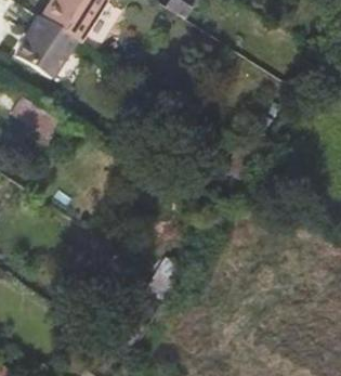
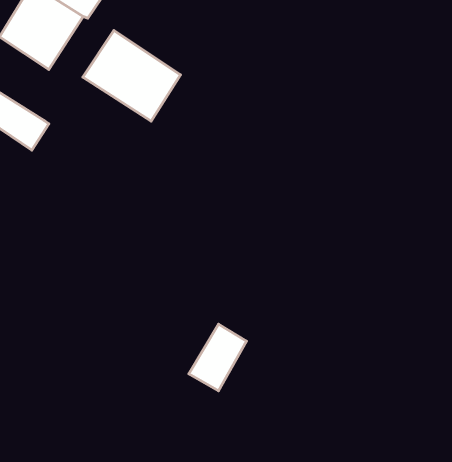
building: none -> [83,31,180,121]

